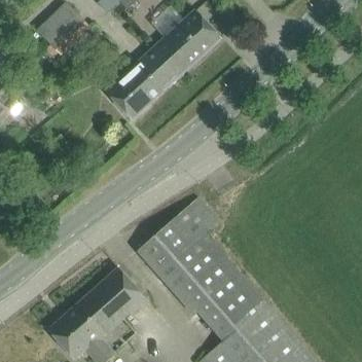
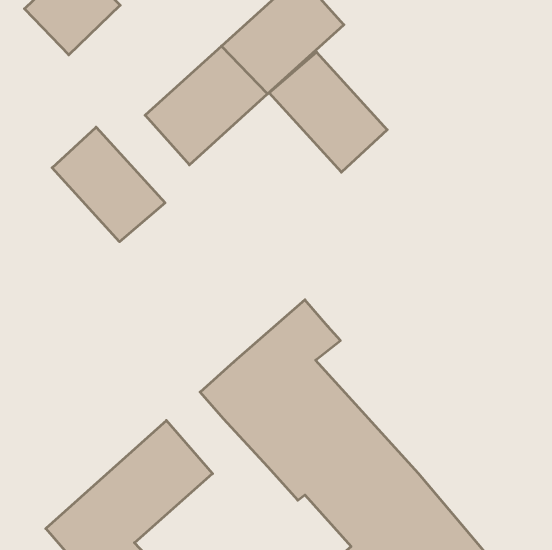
building: none -> [269,52,387,172]
building: none -> [52,127,165,242]

